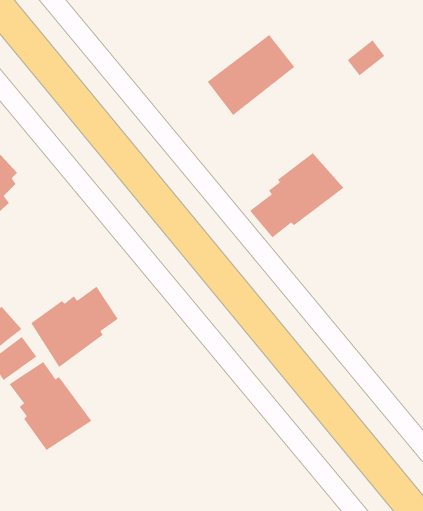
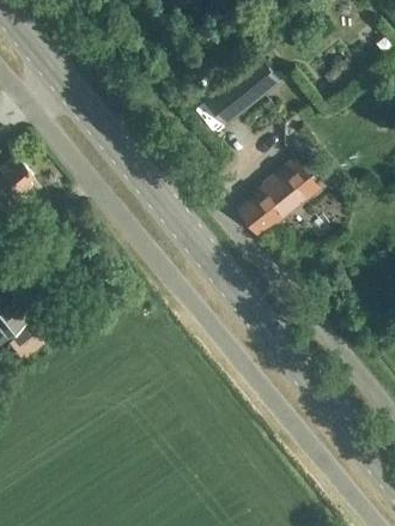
building: [30,286,119,368] -> none
building: [9,361,92,451] -> none

